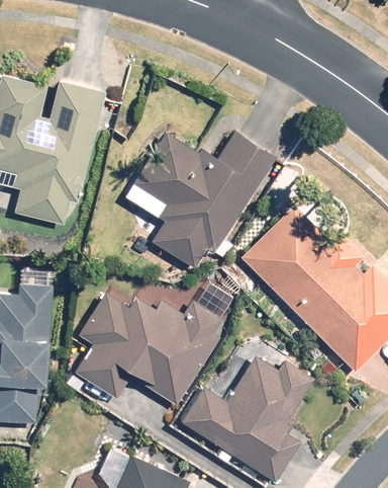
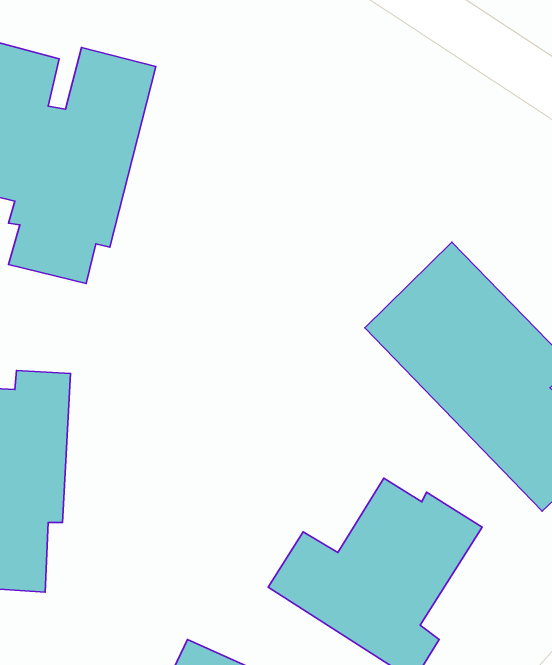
building: [122,127,278,268] -> none
building: [76,284,231,406] -> none

